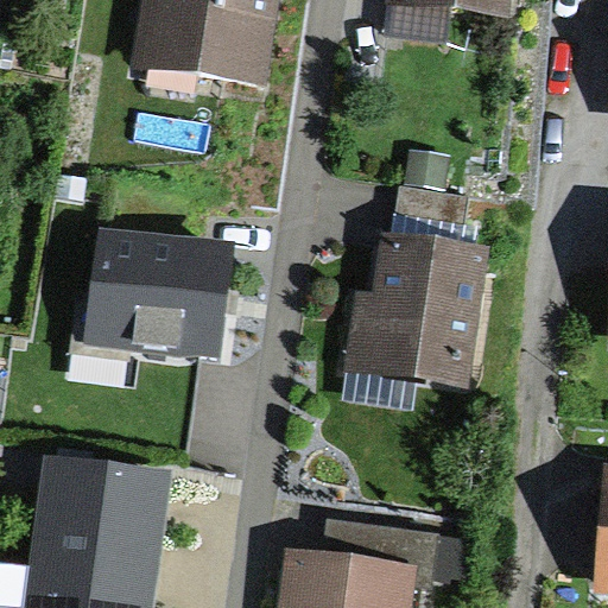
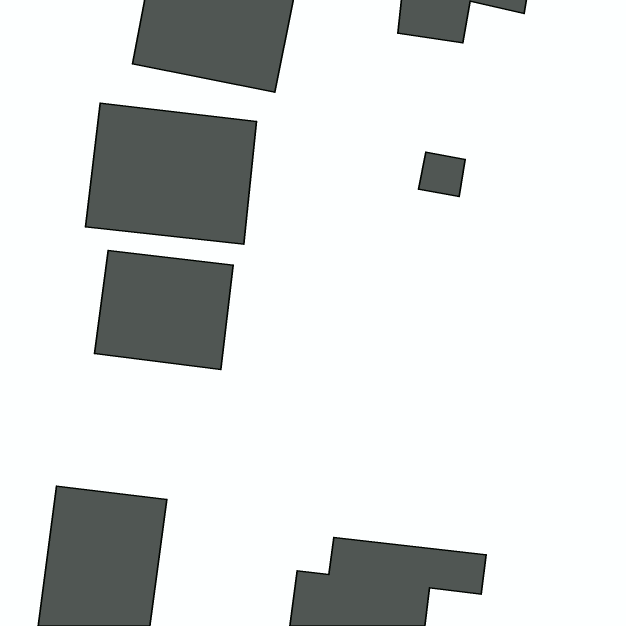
building: none -> [86,103,256,244]
building: [343,186,489,390] -> none

